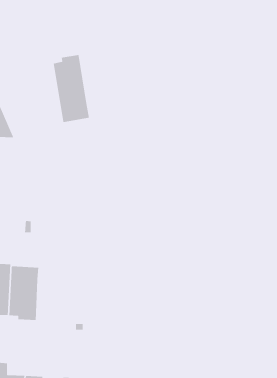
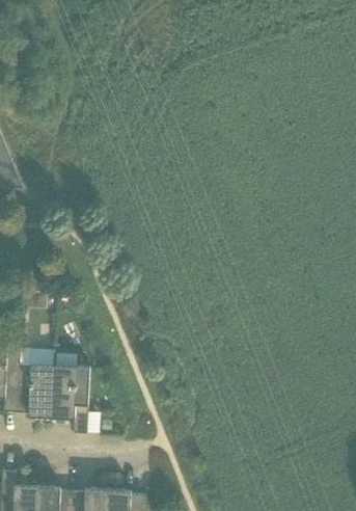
building: [53,54,90,125] -> none
building: none -> [50,366,88,433]

